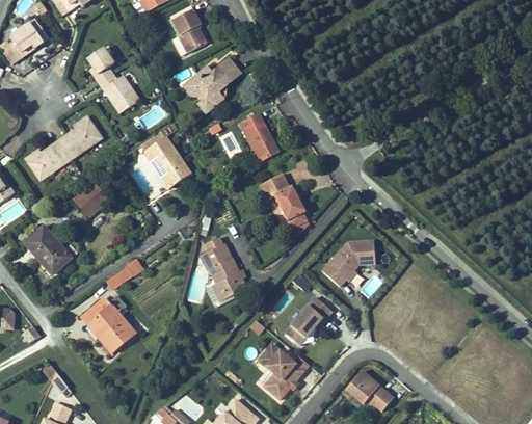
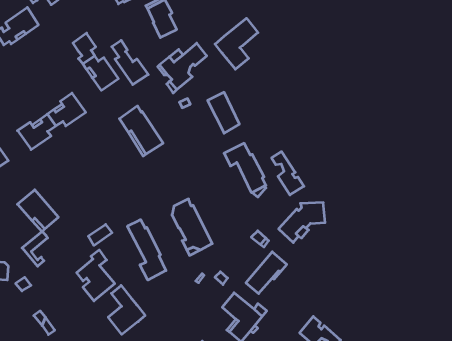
building: none -> [215,18,258,69]
building: none -> [112,40,148,85]
building: [73,183,107,217] -> none
building: none -> [272,152,304,195]
building: none -> [127,220,166,280]
building: [81,298,110,338] -> [22,232,48,266]
building: none -> [108,285,145,334]

